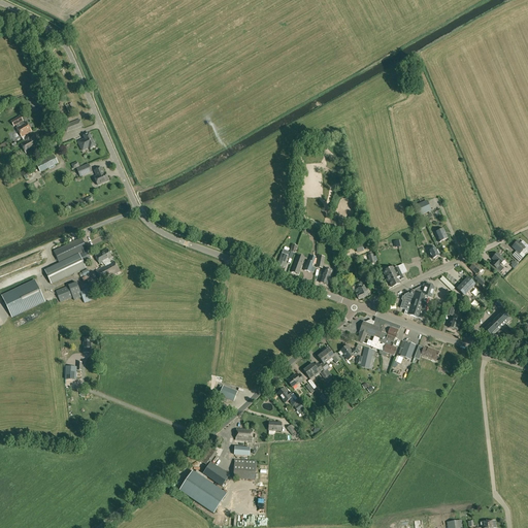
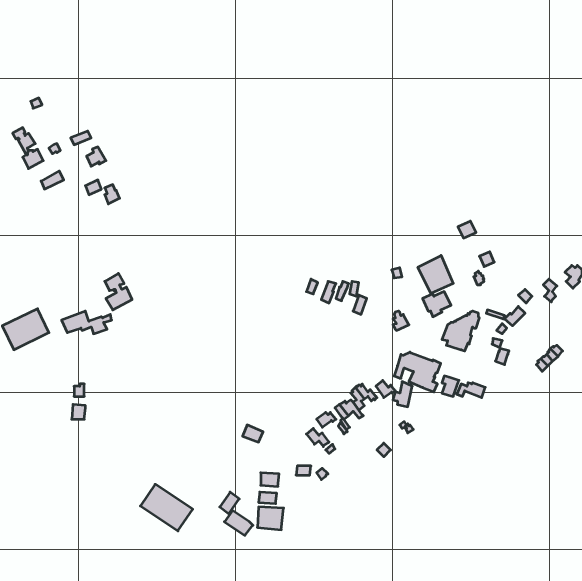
building: none -> [418,255,453,293]
building: [45,237,92,284] -> none
building: [179,470,227,513] -> [140,484,193,531]

